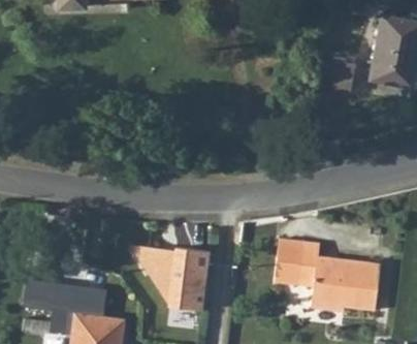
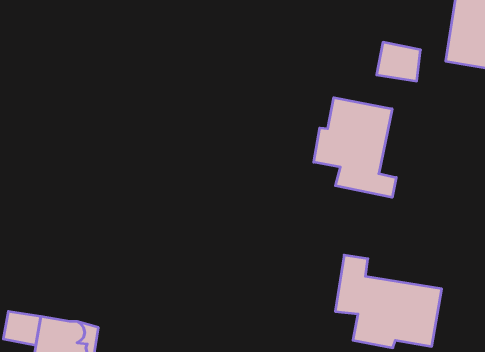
building: none -> [314,98,396,197]
building: [158,247,225,311] -> none

